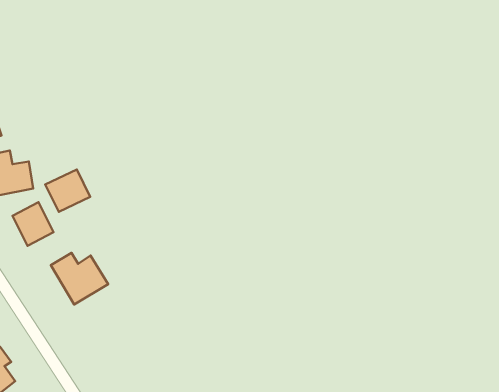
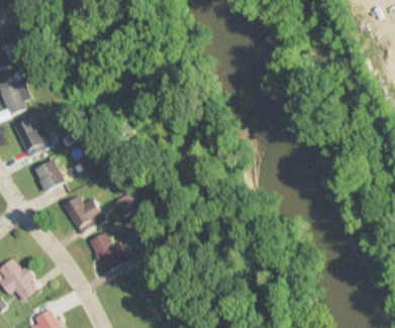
building: [45,170,90,212] -> none
building: none -> [89,230,123,271]

